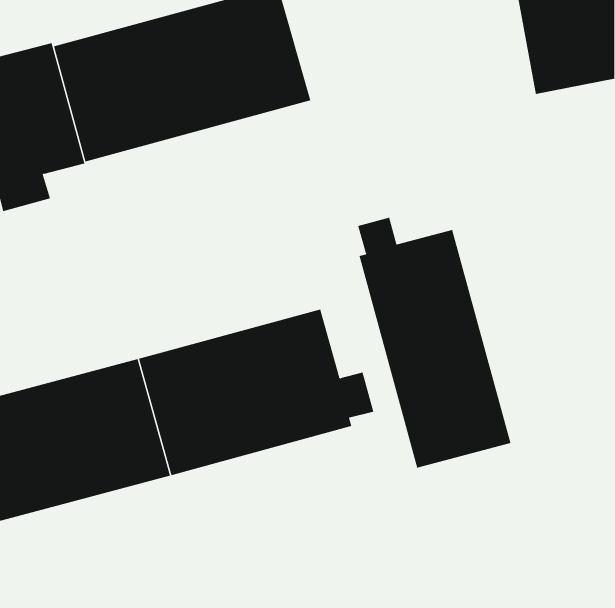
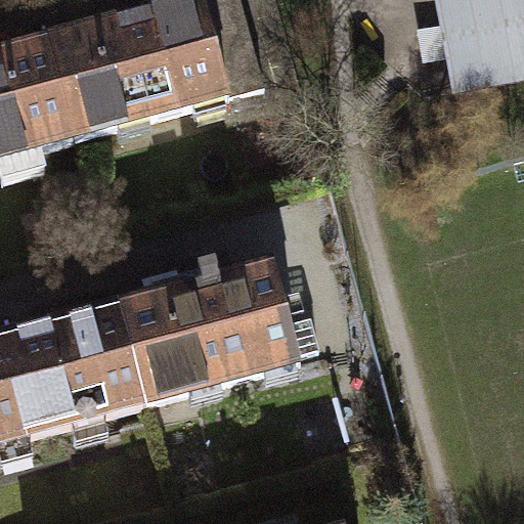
building: [357,217,511,469] -> none

